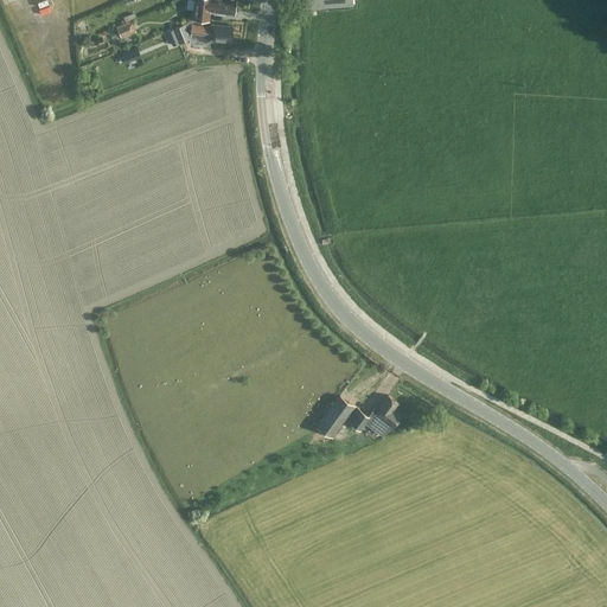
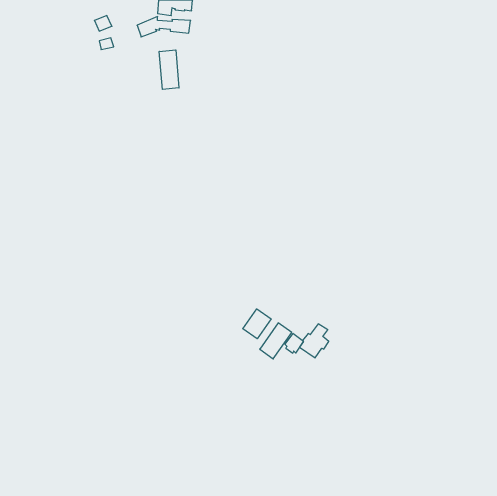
building: none -> [159,50,179,89]
building: none -> [243,309,271,339]

